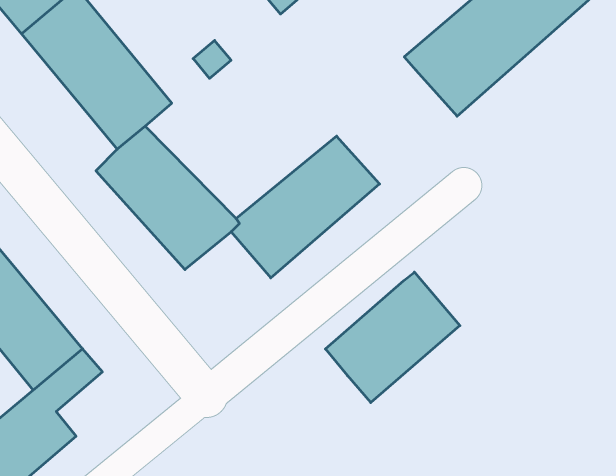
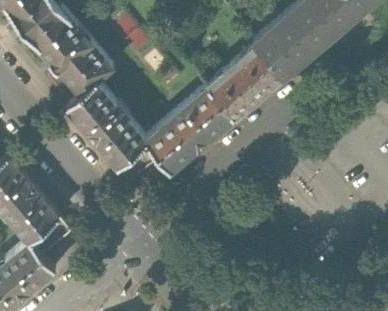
building: none -> [212,50,285,119]
building: [325,272,460,403] -> none

